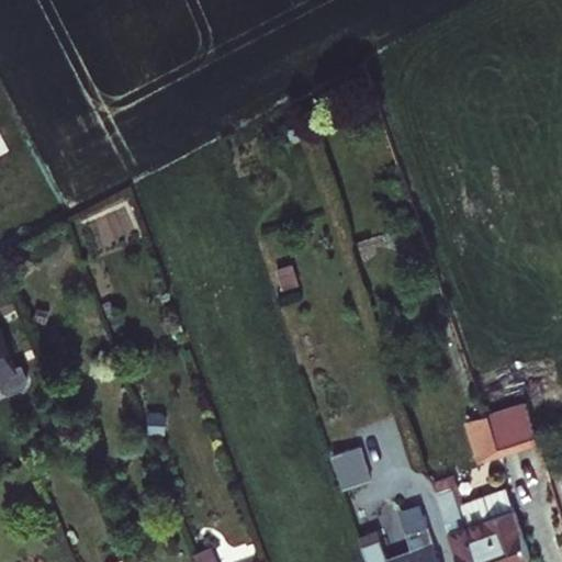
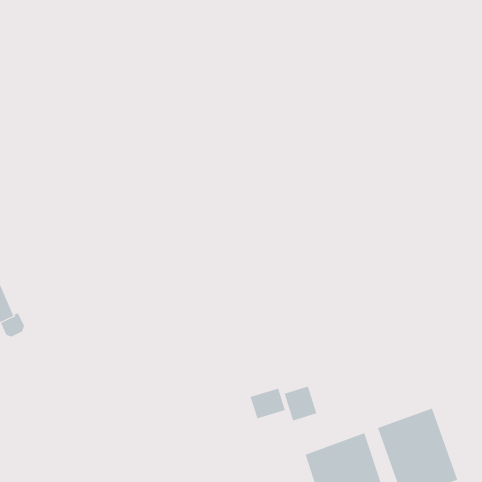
building: [483,407,535,460] -> none
building: none -> [250,388,285,419]

